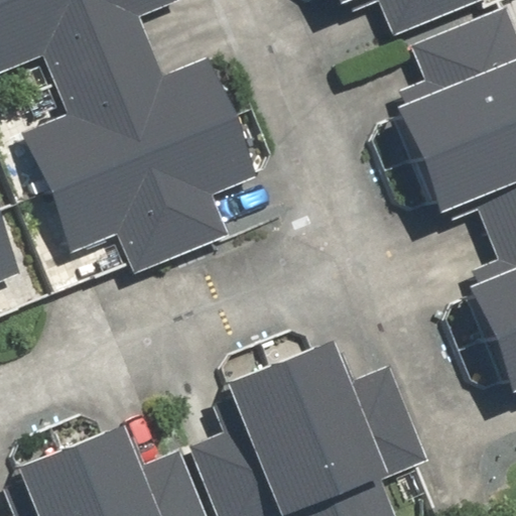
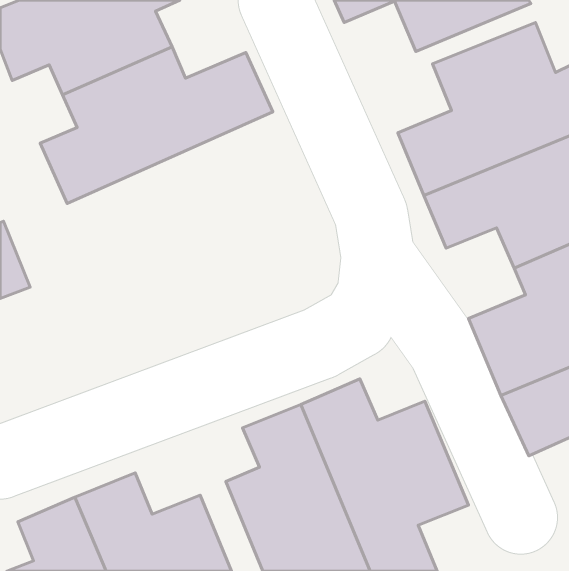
building: [62,101,274,274] -> none

